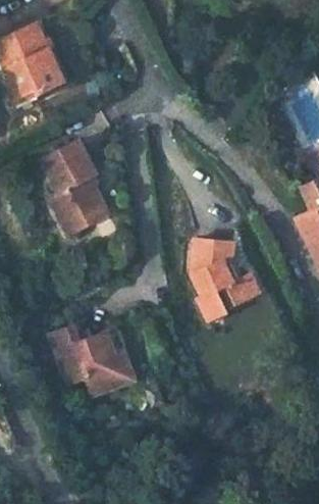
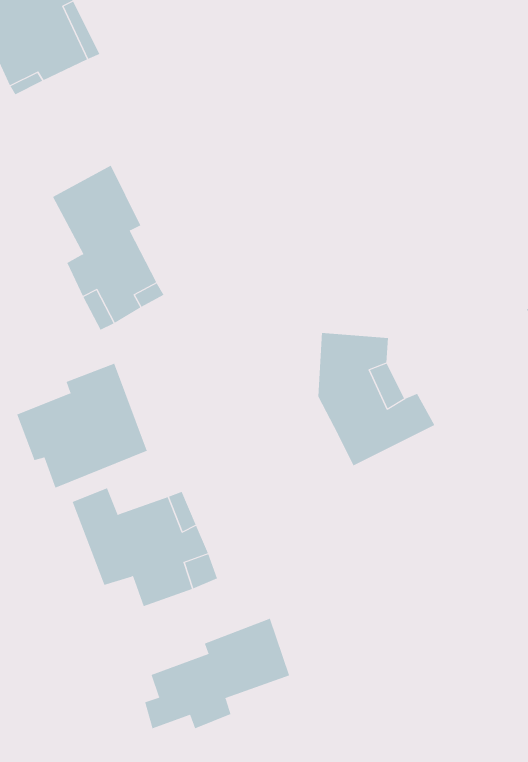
building: none -> [16,363,148,488]
building: none -> [144,618,290,729]

